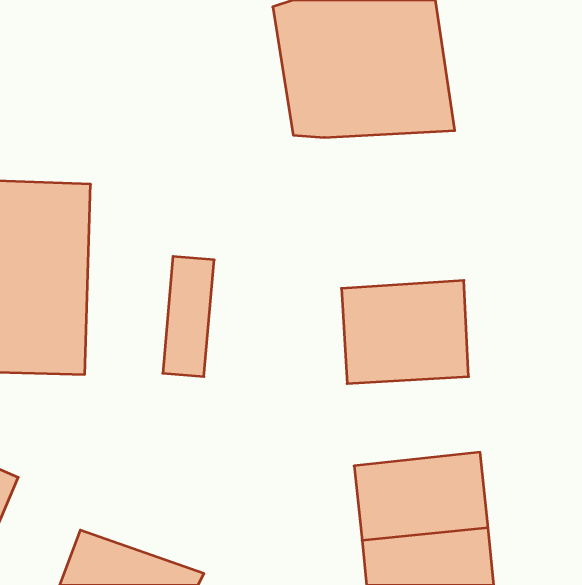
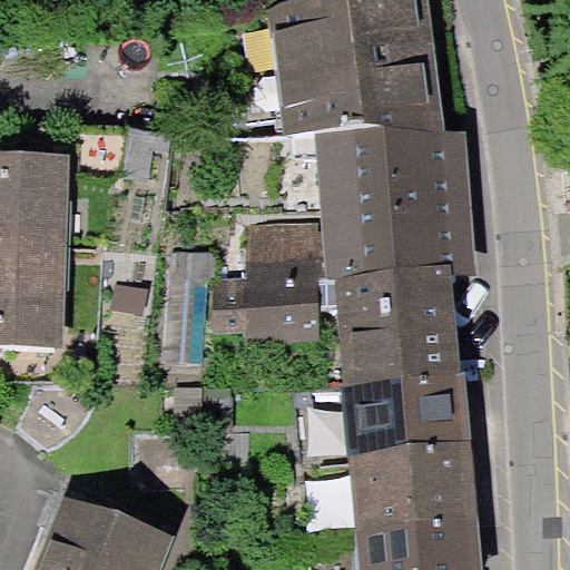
building: none -> [315,126,473,281]
building: none -> [207,224,316,338]
building: none -> [337,366,466,453]

